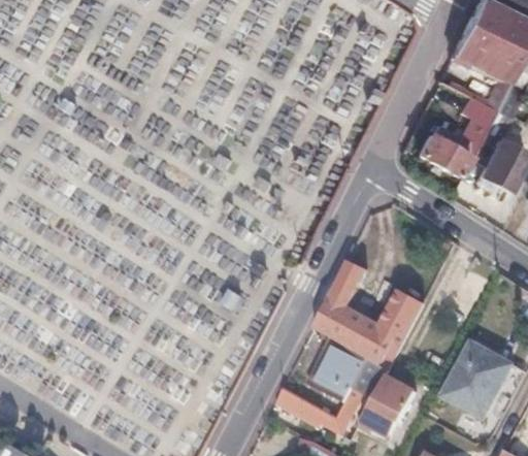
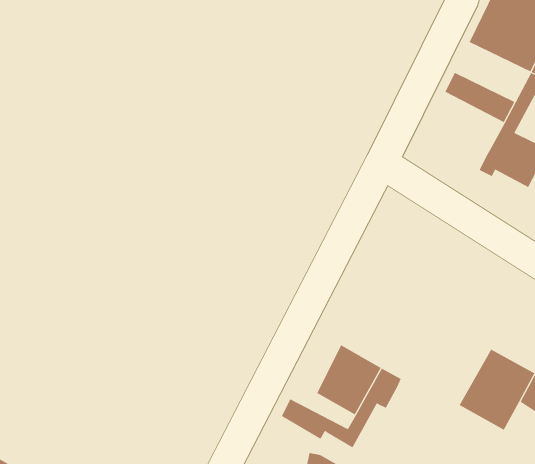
building: [414,128,470,177] -> none
building: [314,261,423,369] -> none
building: [360,377,414,436] -> none

